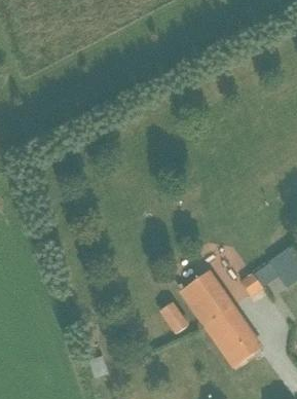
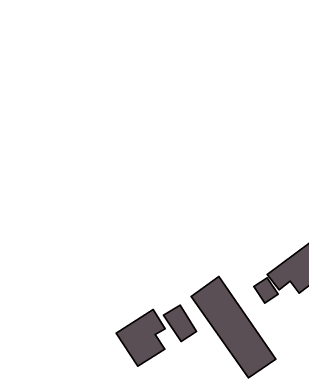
building: none -> [116,309,165,366]

